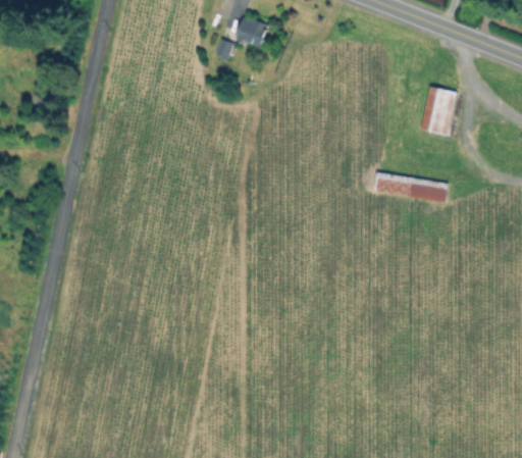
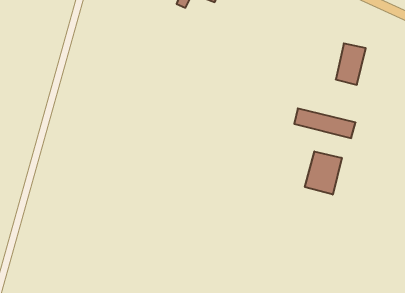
building: none -> [305,151,342,195]

